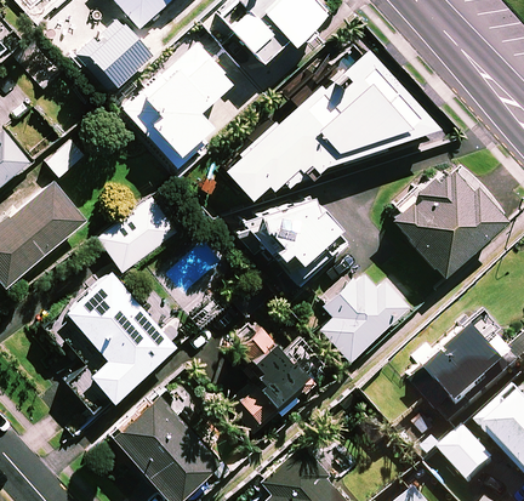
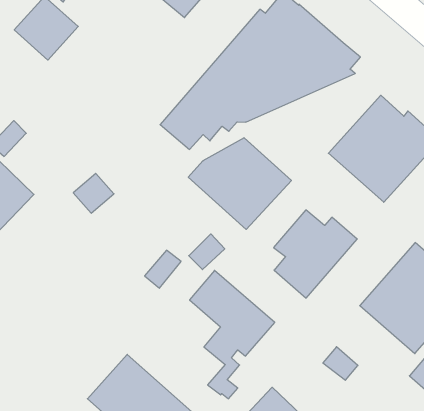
building: [125,42,230,167] -> none
building: [47,273,176,414] -> none

